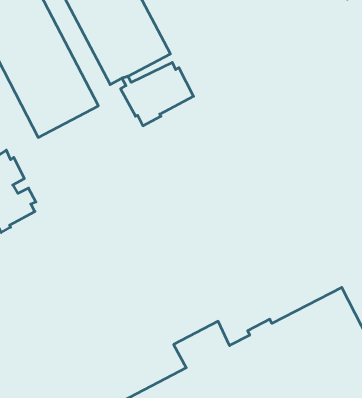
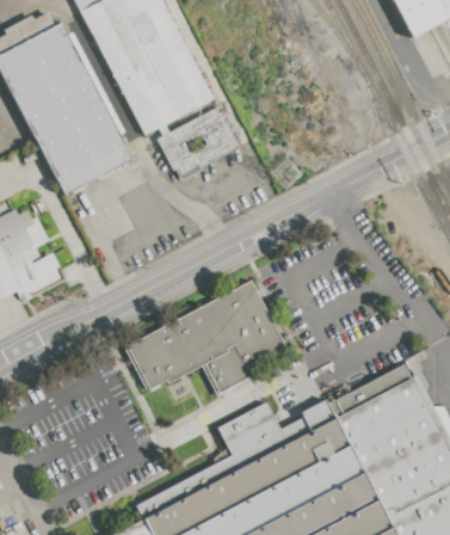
building: none -> [128,281,285,392]

